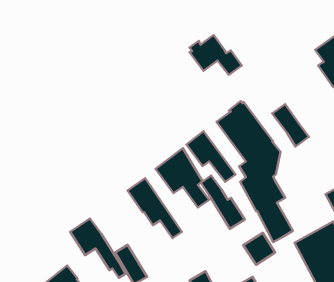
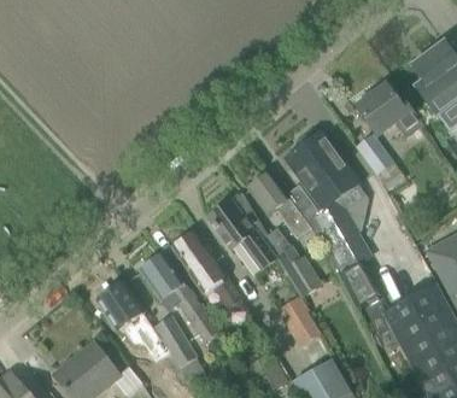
building: [189,35,242,75] -> [356,84,423,135]
building: none -> [139,252,217,341]
building: [243,233,275,265] -> [281,309,322,350]

